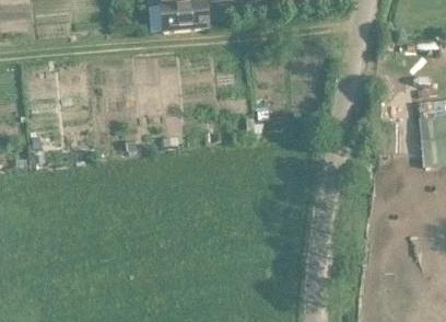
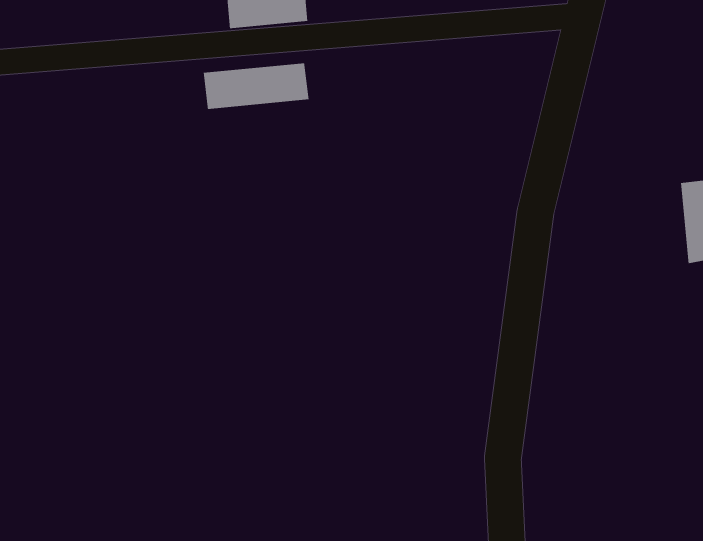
building: none -> [203,62,309,110]

